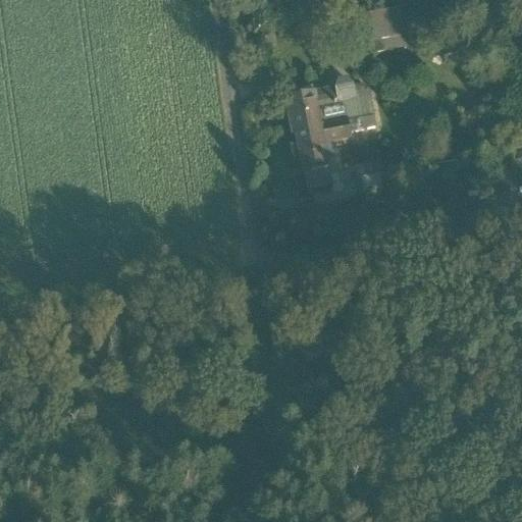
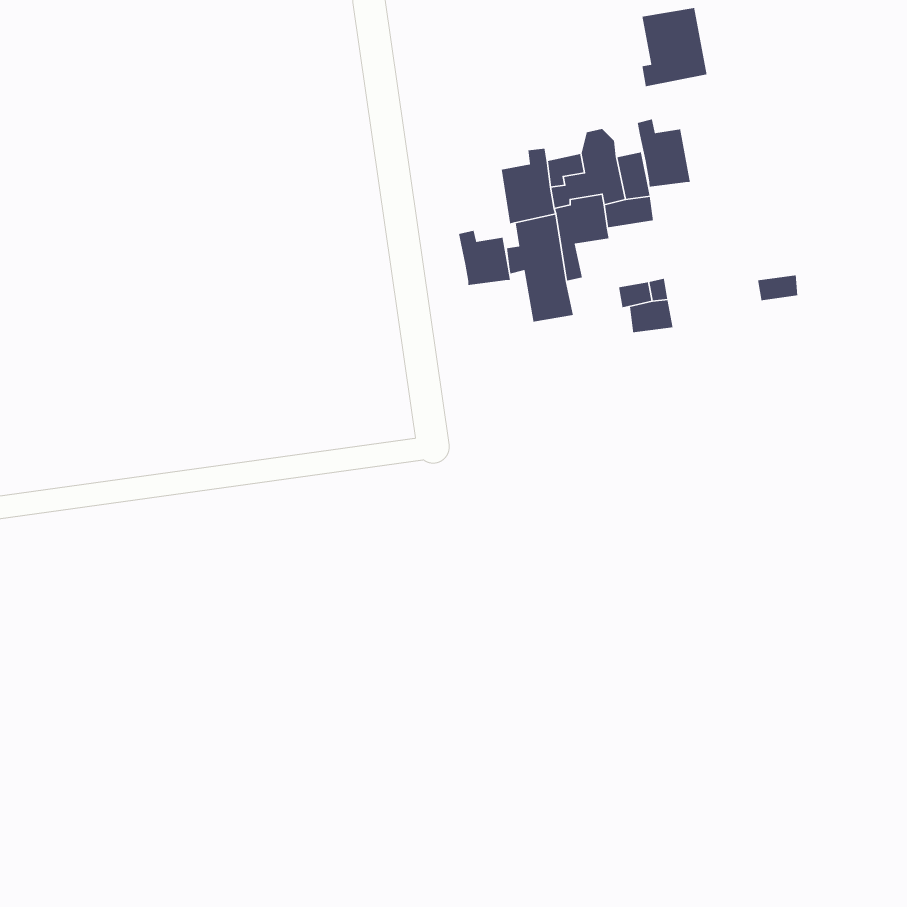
building: none -> [637,119,691,187]
building: none -> [458,230,511,286]

